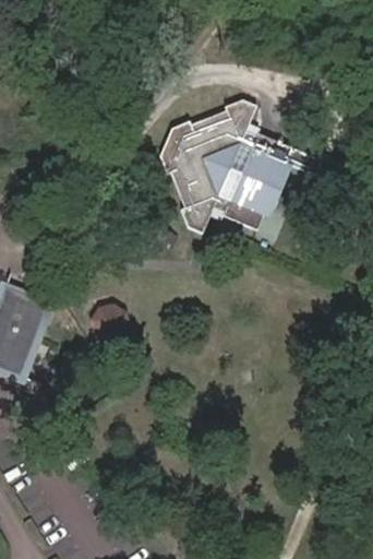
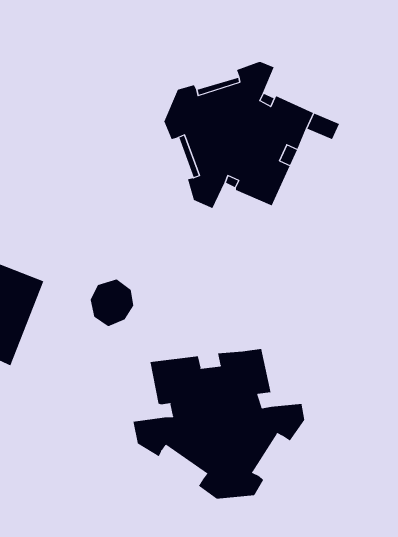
building: none -> [133,348,305,499]

